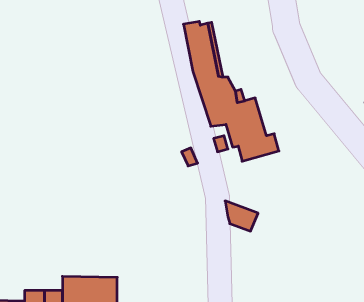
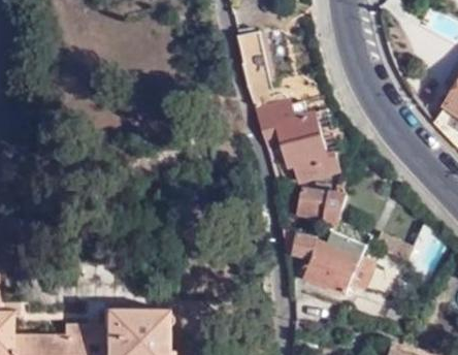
building: none -> [297,188,349,223]
building: none -> [305,233,374,296]

